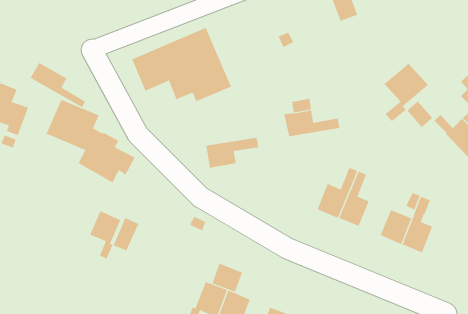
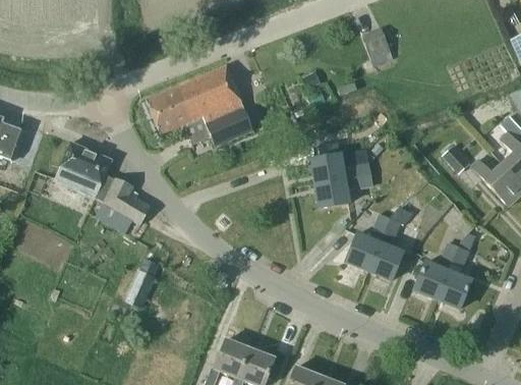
building: [30,62,86,108] -> none
building: [384,63,429,122] -> none
building: [205,137,259,168] -> [315,173,373,207]
building: [90,211,121,259] -> none
building: [212,263,243,292] -> none

